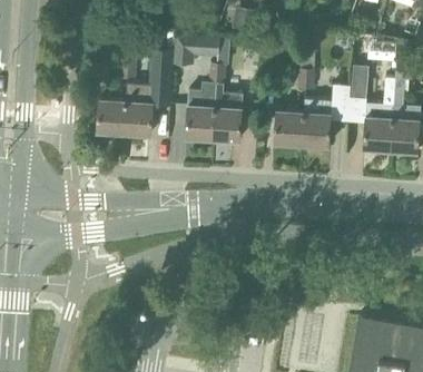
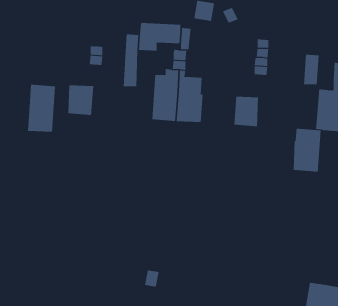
building: [121,84,153,136] -> [27,84,56,132]
building: [302,101,333,149] -> [293,128,321,172]

